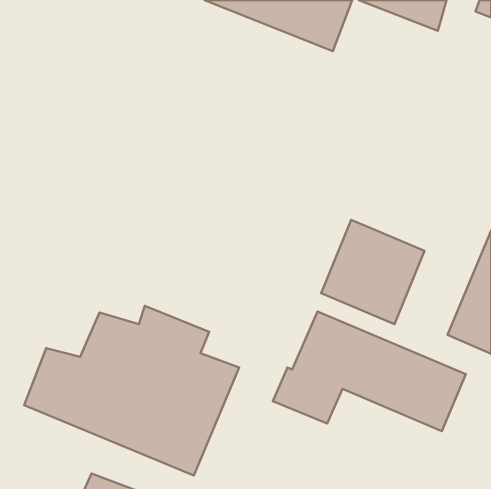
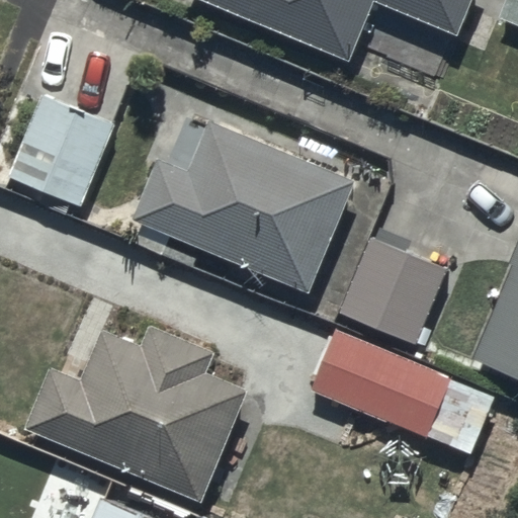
building: none -> [13,95,114,202]
building: none -> [137,123,352,290]

